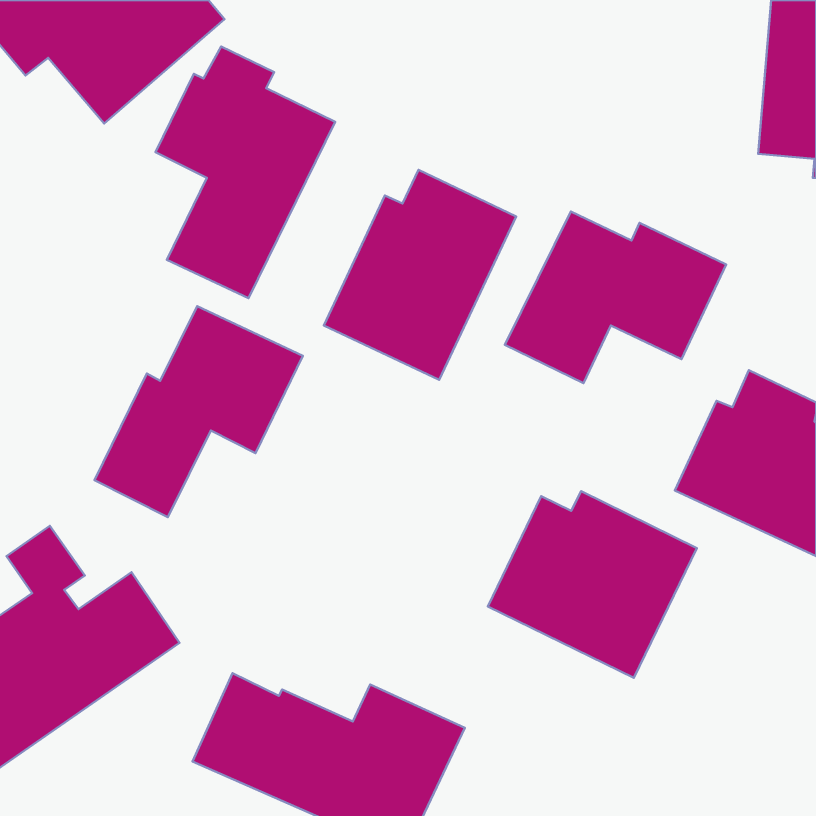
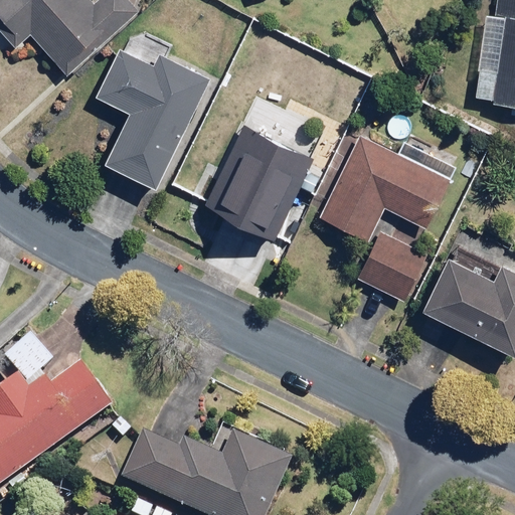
building: [94,306,303,517] -> none
building: none -> [356,233,419,299]
building: [488,491,697,678] -> none

